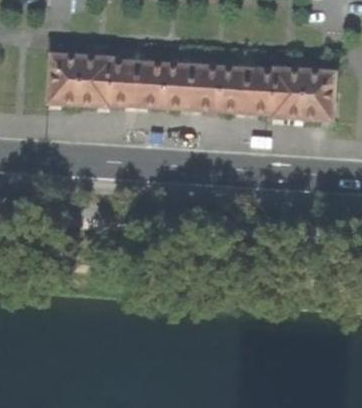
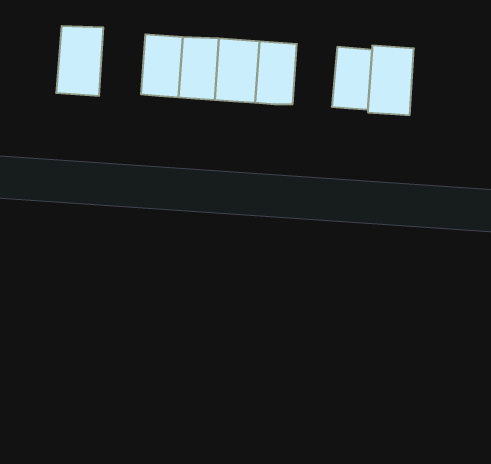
building: [78,55,111,106] -> none
building: [217,67,249,112] -> none
building: [301,70,334,120] -> none

